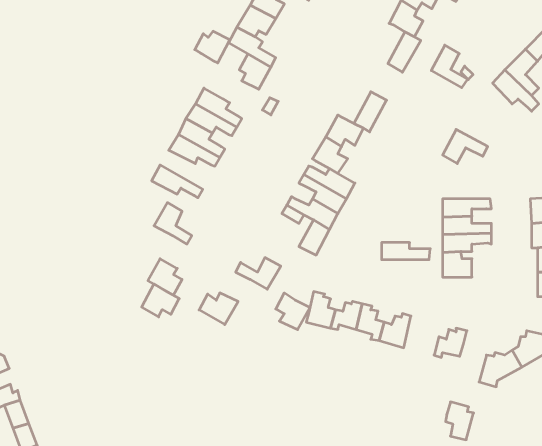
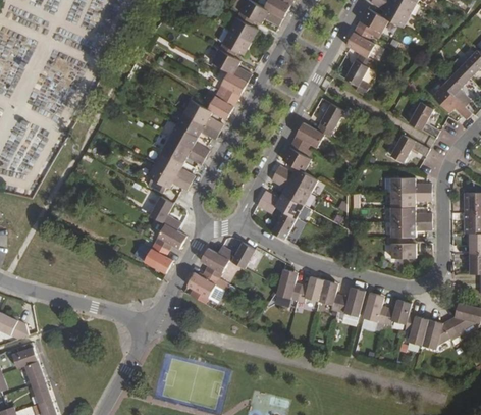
building: [195,31,230,63] -> [207,94,236,120]
building: [431,45,468,88] -> [409,102,439,138]
building: none -> [154,152,194,185]
building: [382,243,430,260] -> [390,178,431,193]
building: [142,284,179,317] -> [154,223,185,251]
building: [276,293,310,330] -> [201,248,229,278]
building: none -> [363,292,387,323]
building: [446,402,474,440] -> [404,314,427,346]

